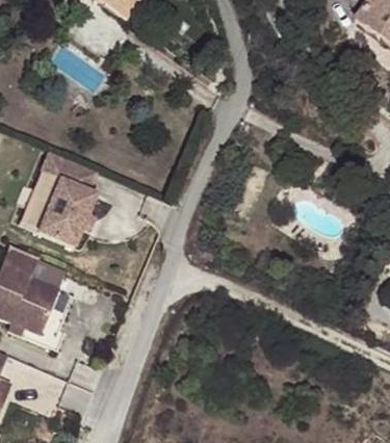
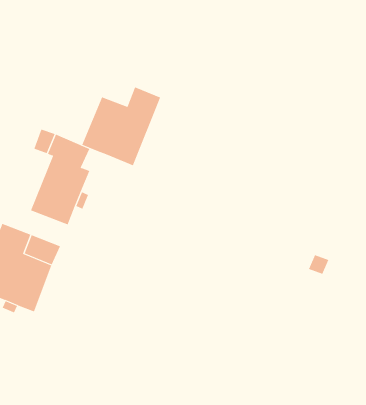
building: none -> [81,87,161,166]

